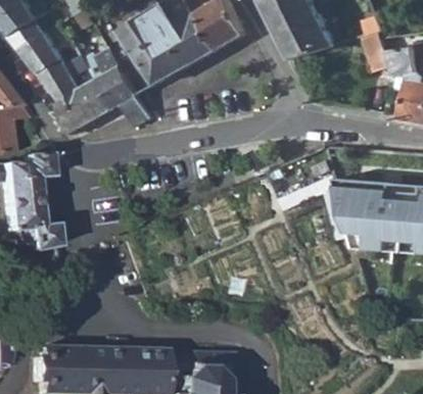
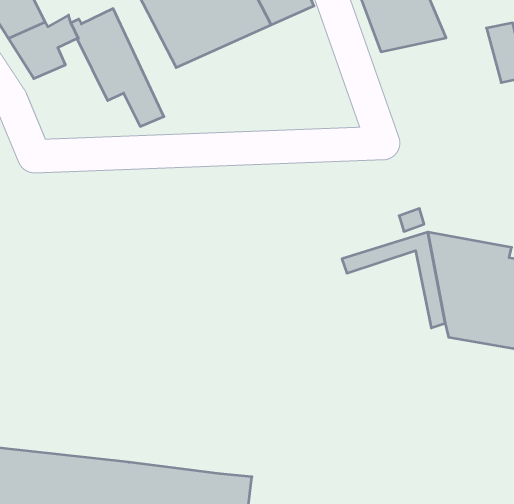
building: [62,68,115,132] -> none

